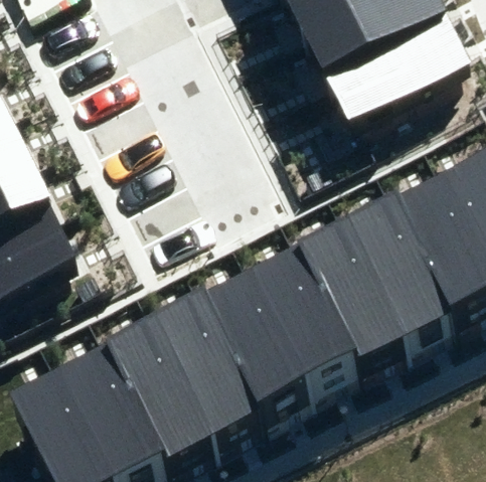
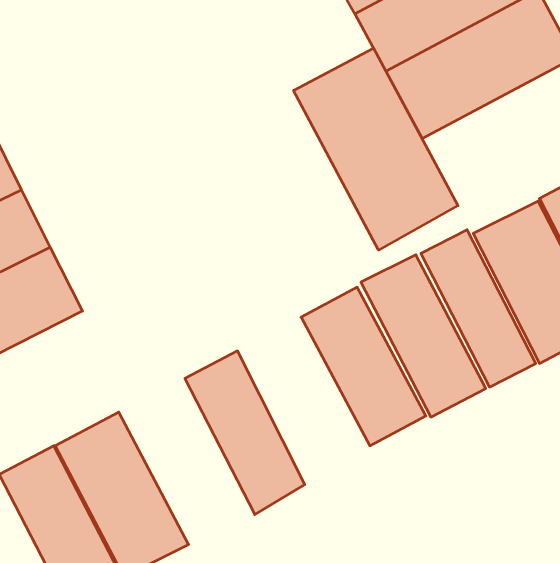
building: none -> [294,48,458,250]
building: [204,267,308,395] -> none
building: [109,316,215,449] -> none

